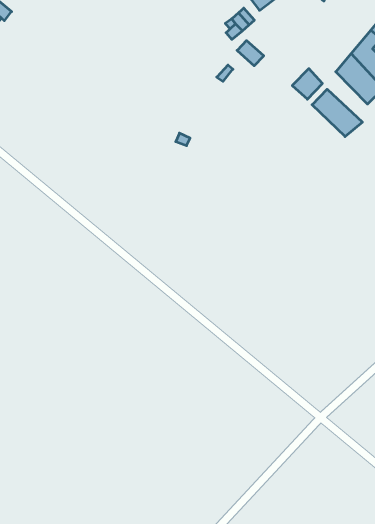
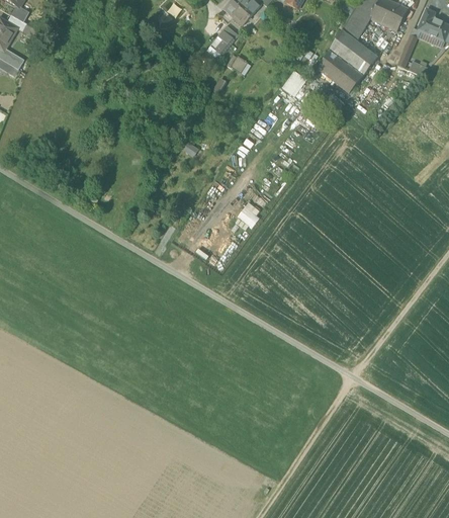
building: [312,89,362,137] -> none

